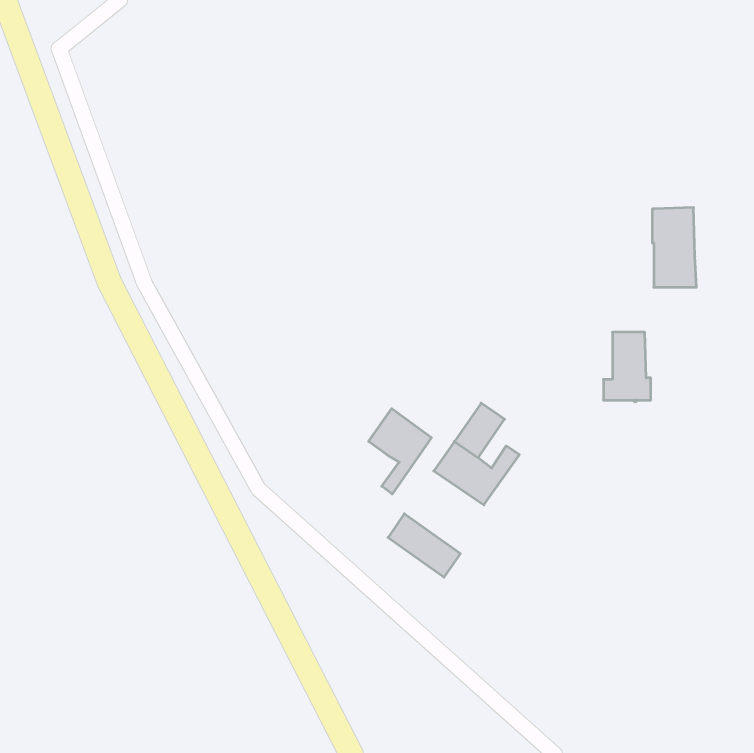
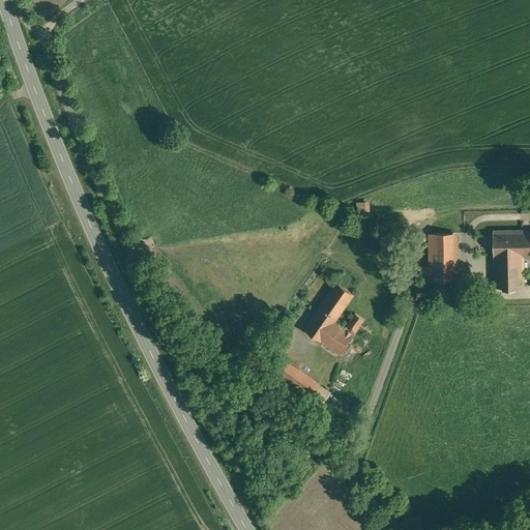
building: [652,208,696,287] -> [494,232,525,288]
building: [369,409,431,494] -> none

